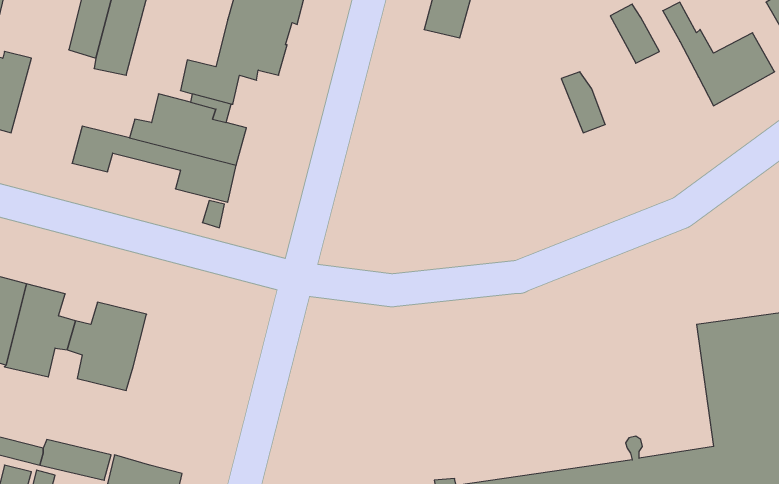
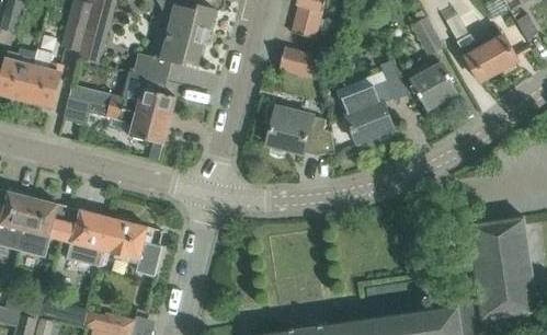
building: none -> [278,47,320,78]
building: none -> [23,51,62,107]
building: none -> [409,62,457,109]
building: none -> [339,81,392,142]
building: none -> [265,107,333,155]
building: none -> [102,217,161,277]

